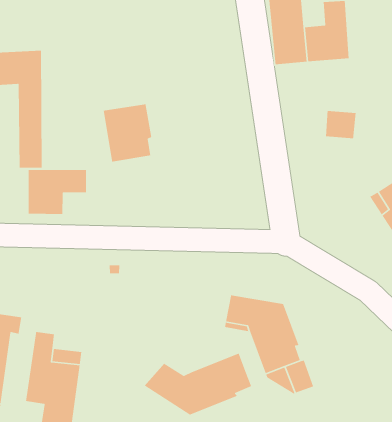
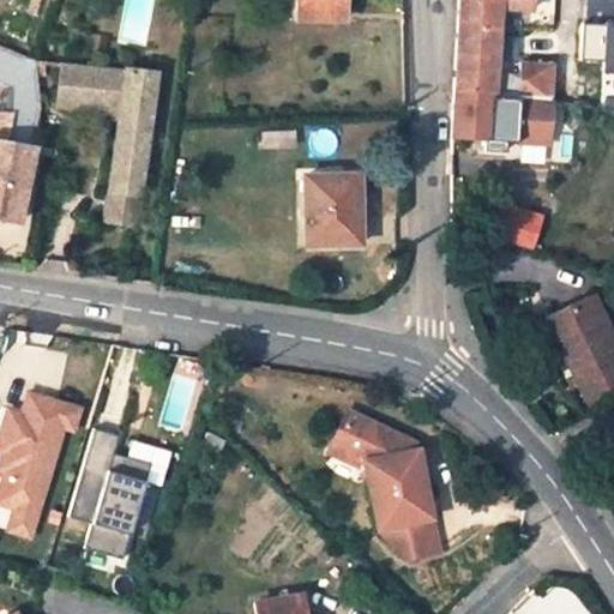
building: [103,104,152,163] -> [306,175,363,243]
building: [28,169,87,215] -> none
building: [144,353,252,415] -> none

